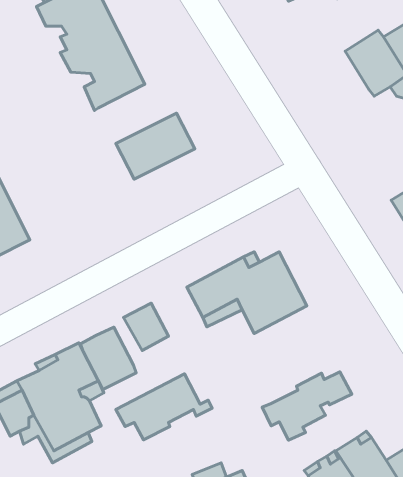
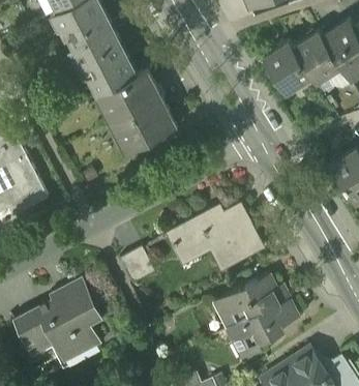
building: none -> [263,41,311,95]
building: none -> [99,69,160,121]
building: [80,327,136,389] -> none
building: [116,374,212,440] -> [213,273,289,325]

